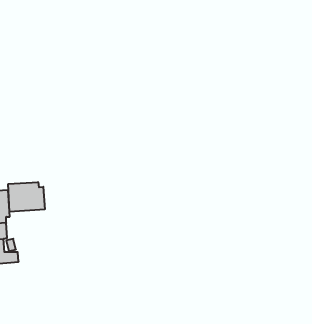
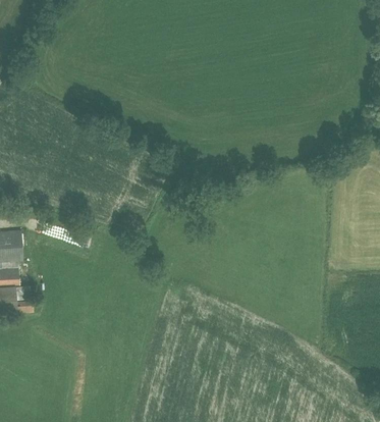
building: [8,182,45,212] -> none

